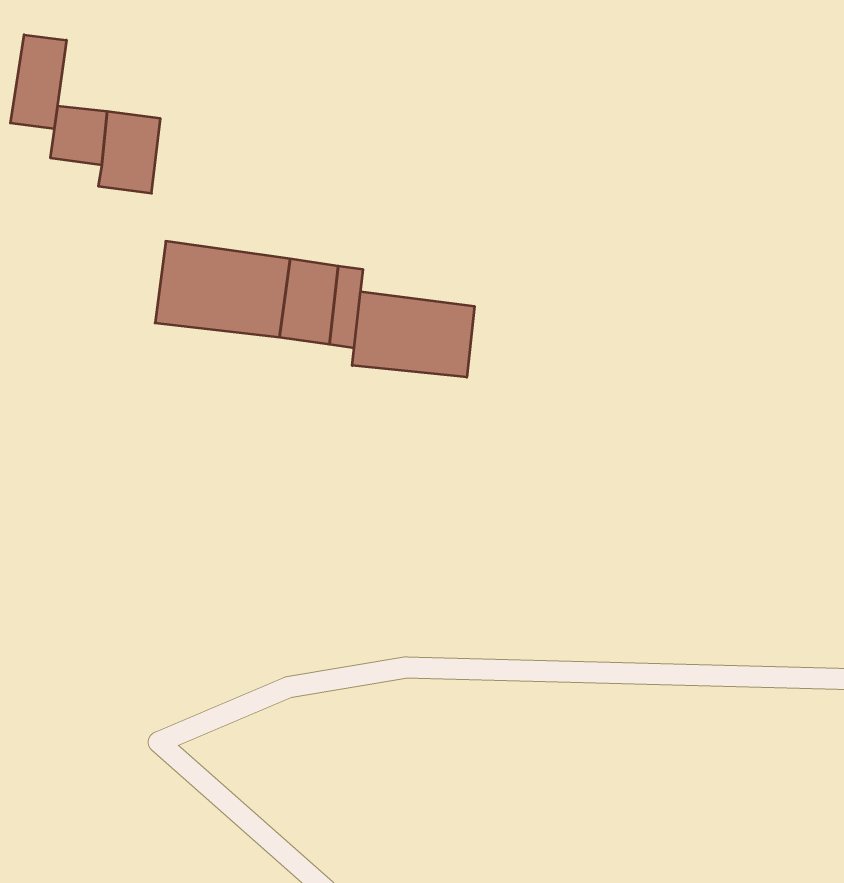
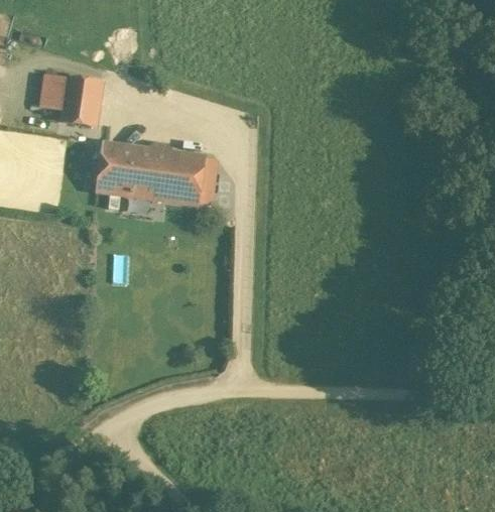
building: [10,35,66,129] -> none
building: [352,291,474,377] -> none

